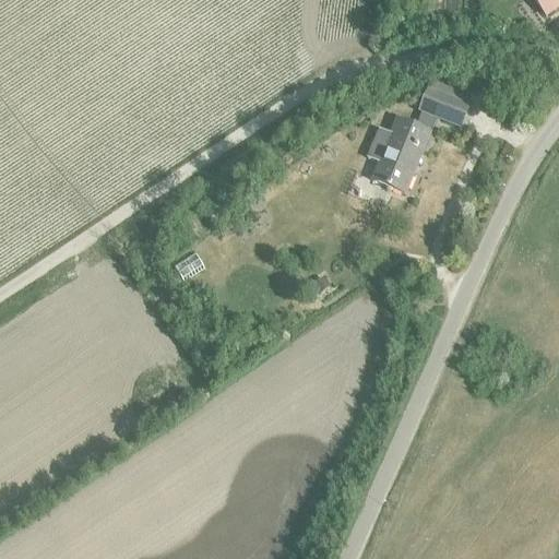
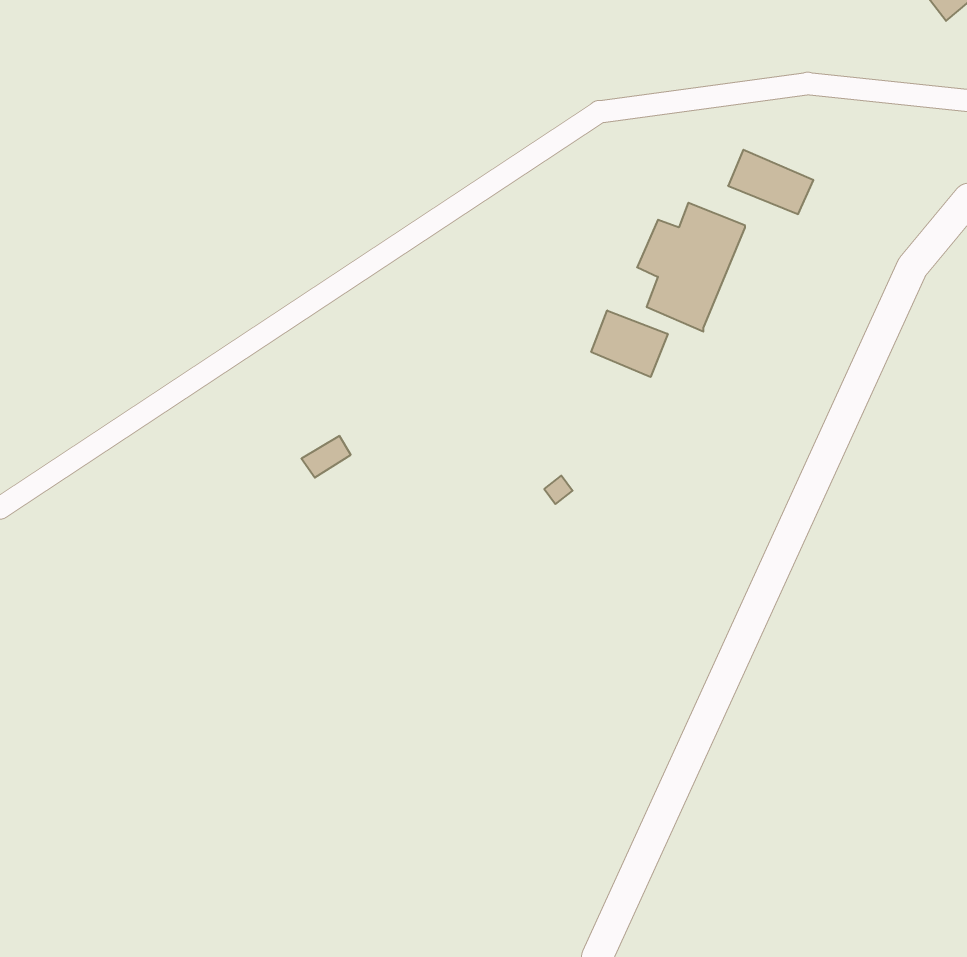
building: none -> [591,310,668,377]

